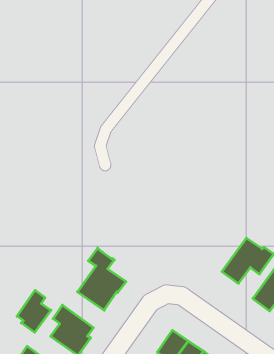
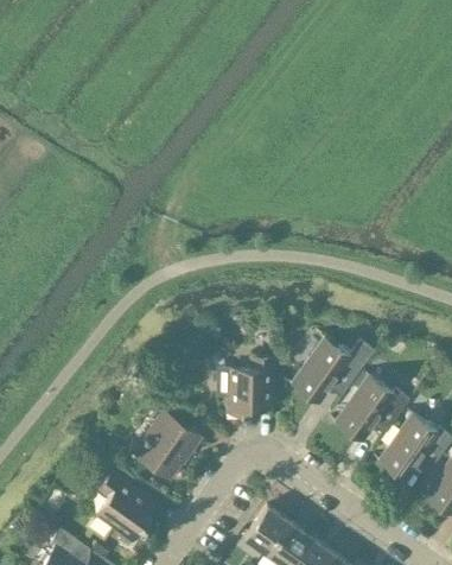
building: none -> [291,338,373,402]
building: none -> [214,356,272,415]
building: [17,290,51,332] -> none

